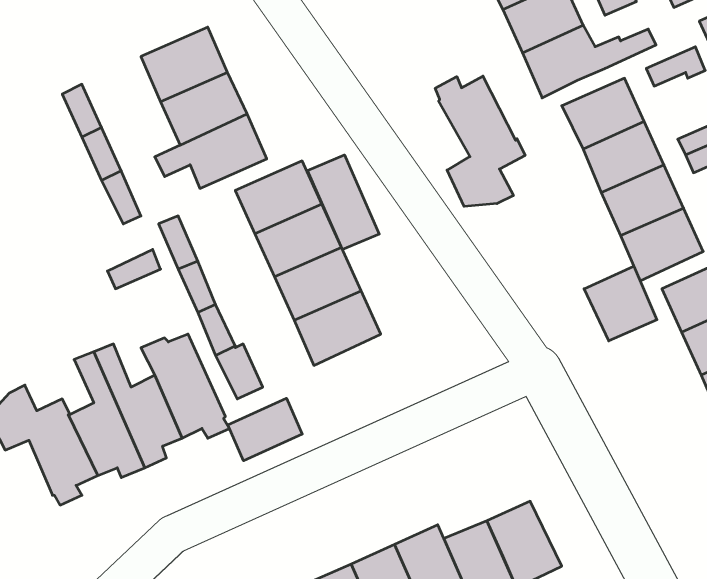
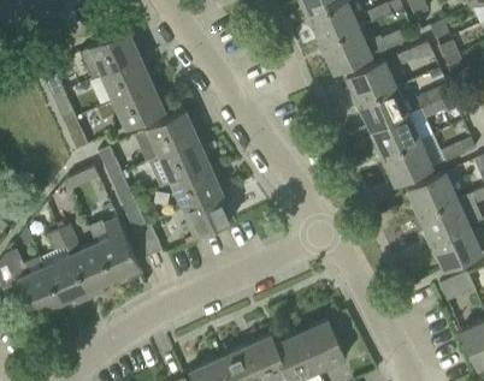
building: [435,76,525,206] -> none
building: [308,155,379,250] -> none
building: [584,266,657,341] -> none
building: [228,398,302,461] -> none

